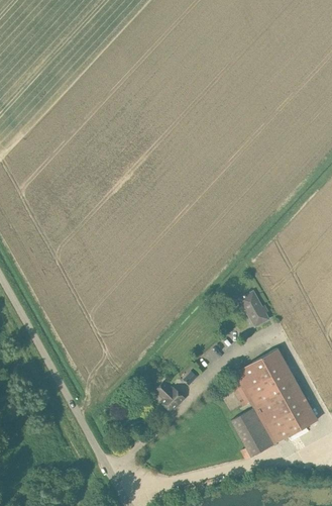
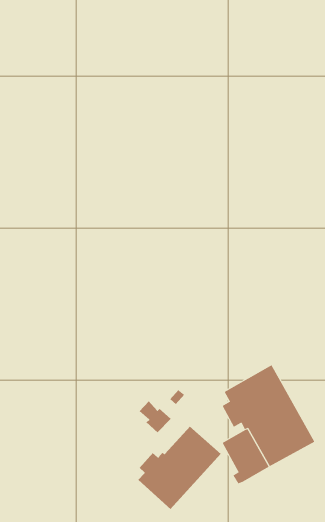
building: [239,291,269,327] -> none
building: none -> [138,426,221,510]

